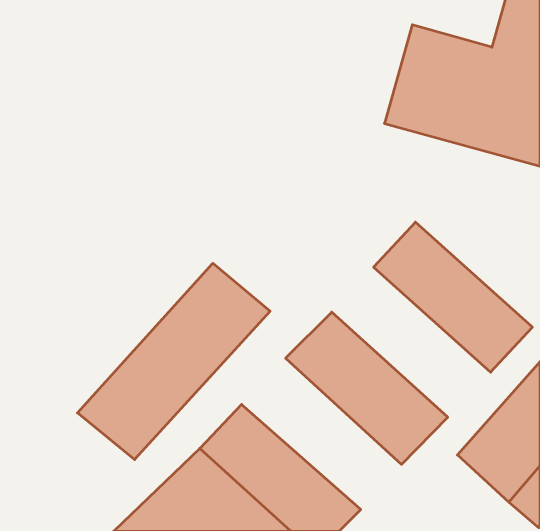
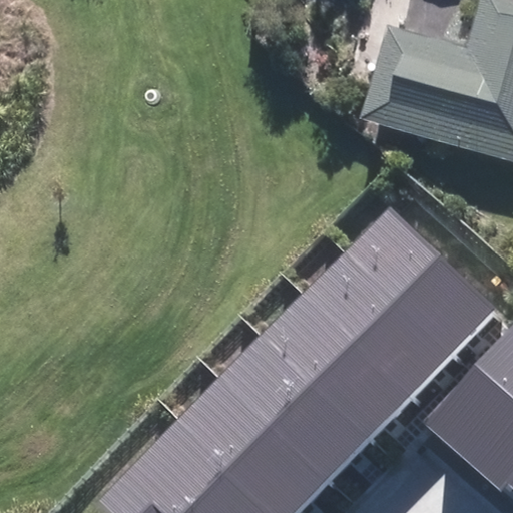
building: [77,263,270,460] -> none
building: none -> [310,249,458,390]
building: none -> [225,335,375,476]

